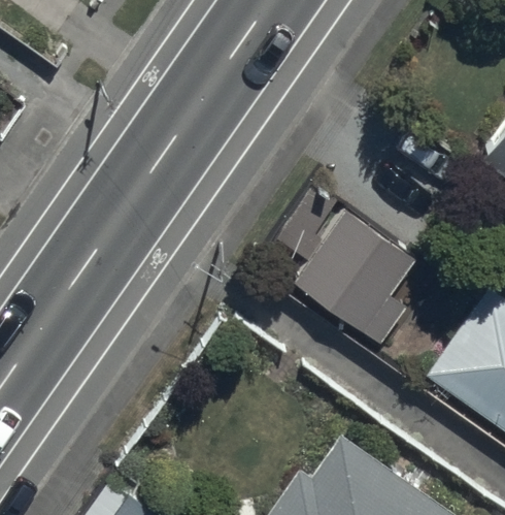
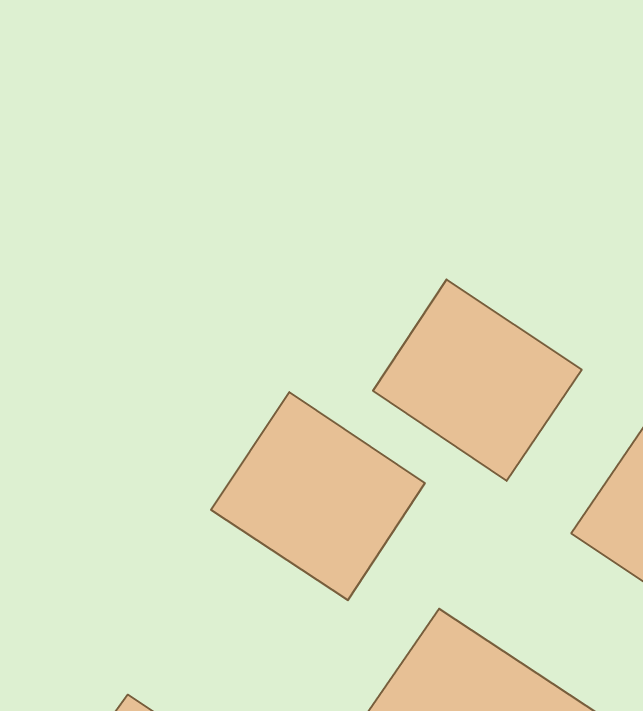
building: none -> [211,392,425,600]

